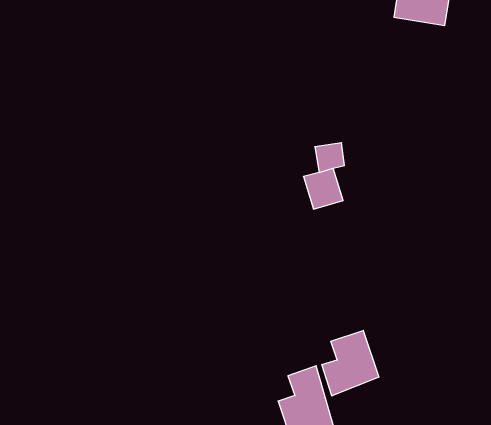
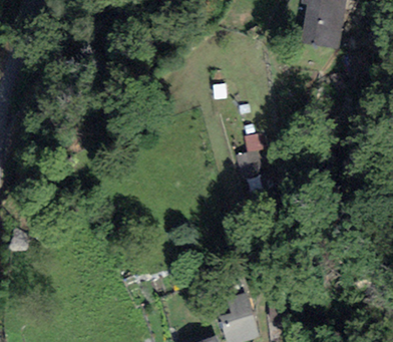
building: [322,330,379,396] -> none

